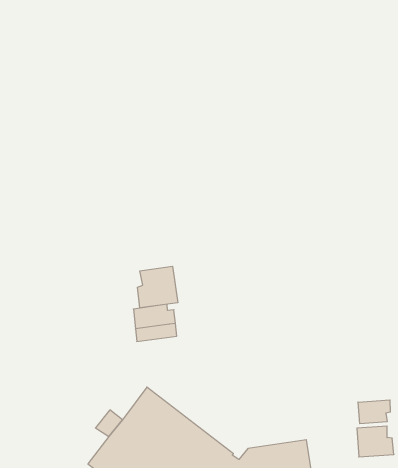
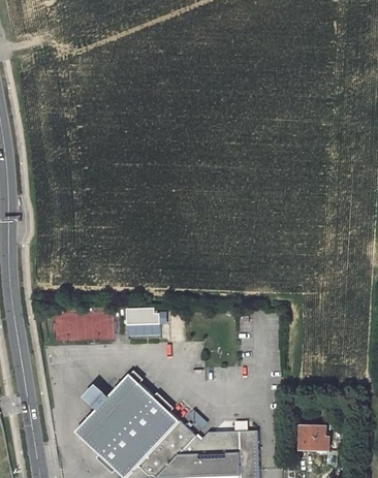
building: [138,266,178,308] -> none
building: [358,400,390,424] -> none

